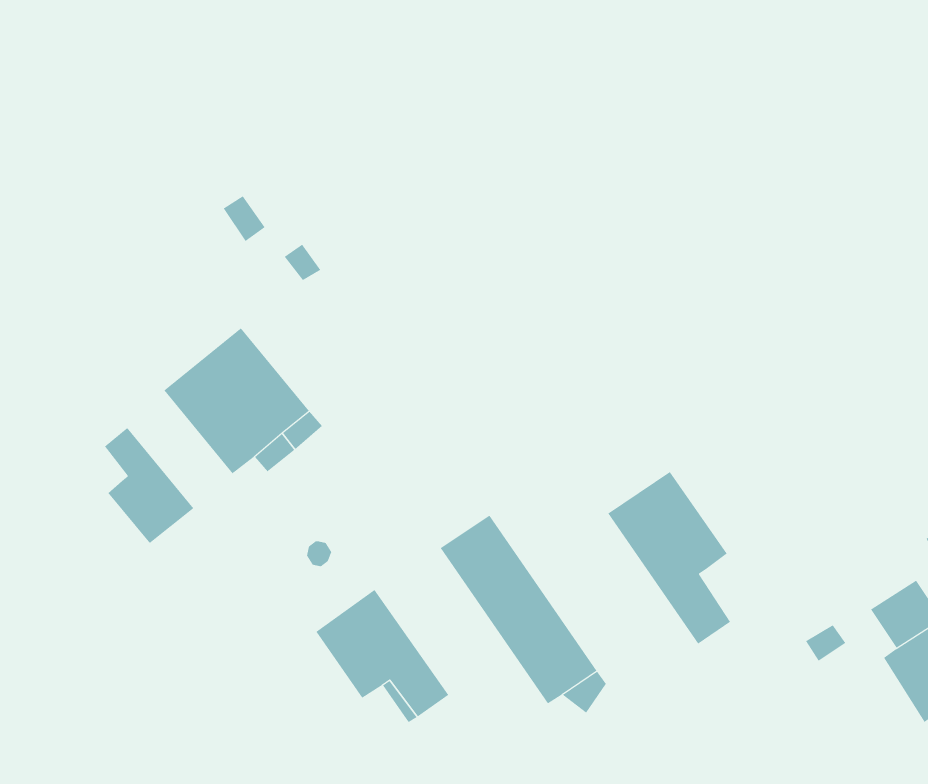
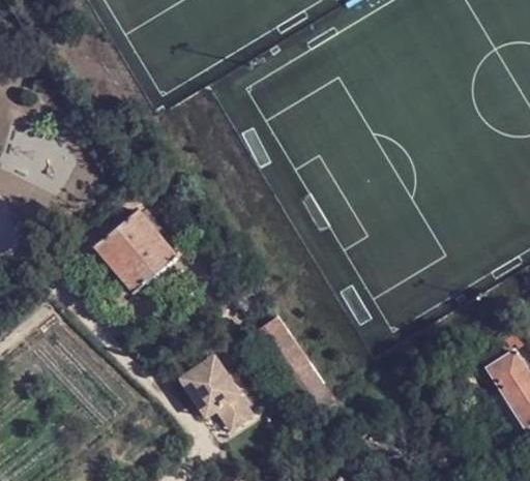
building: [104,427,194,544] -> none
building: [607,471,731,645] -> none

